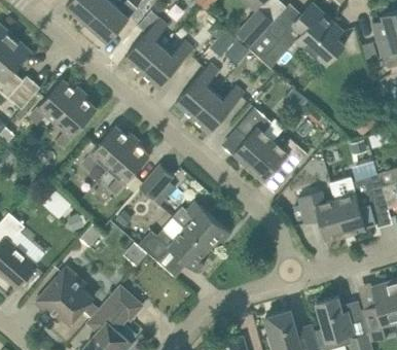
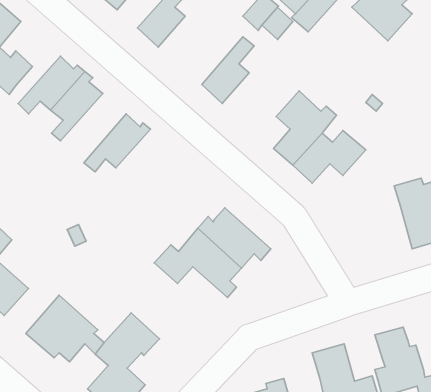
building: [141,41,192,88] -> none
building: [192,86,244,132] -> none
building: [107,138,149,195] -> none
building: [139,164,173,200] -> none
building: [297,190,345,240] -> none

